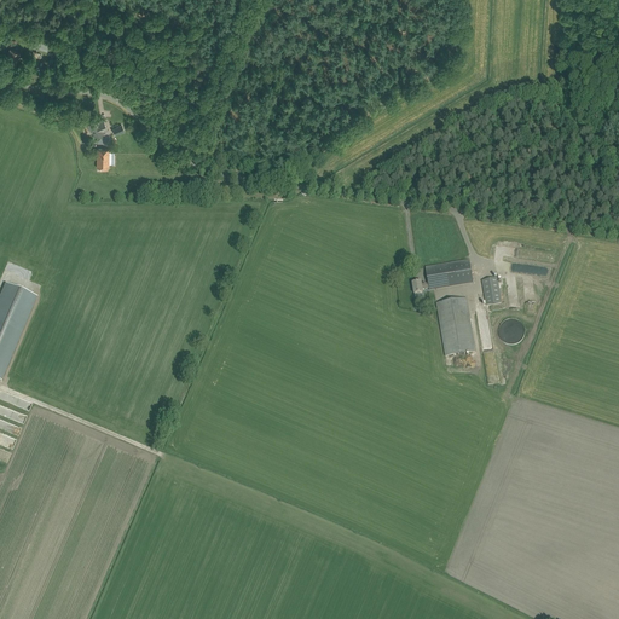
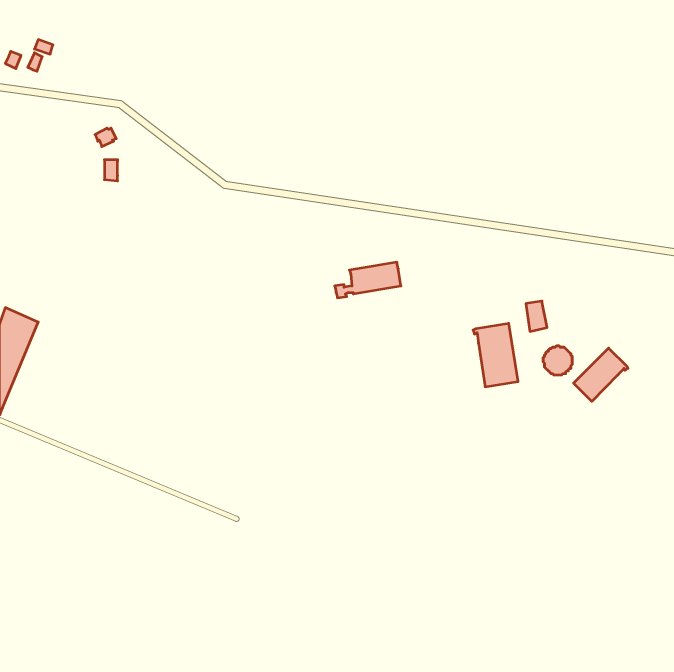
building: [411,259,472,291] -> [335,262,401,298]
building: none -> [574,348,628,401]

